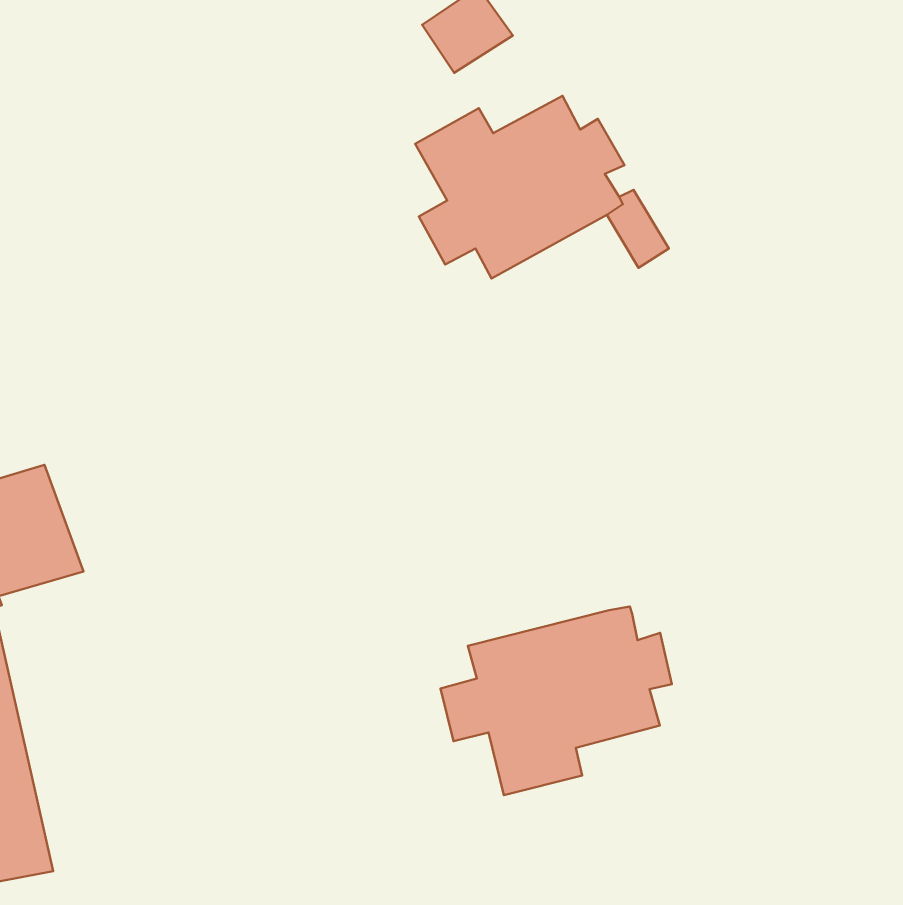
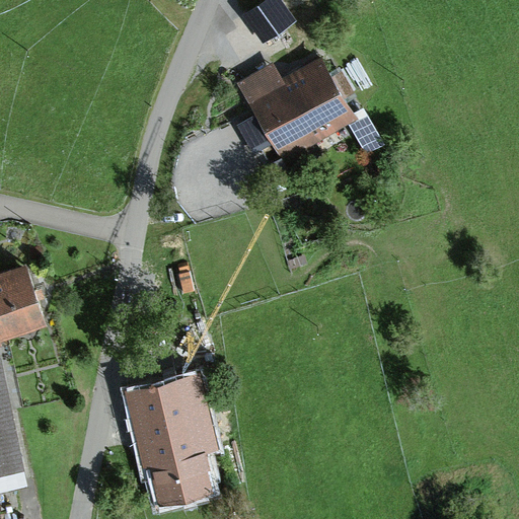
building: [440,606,672,795] -> none
building: none -> [123,375,218,504]

